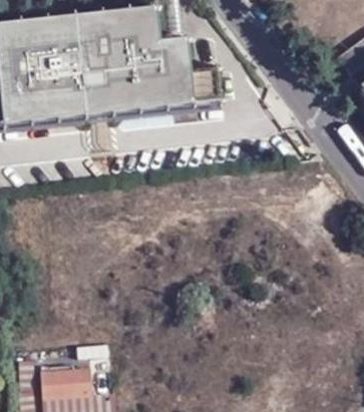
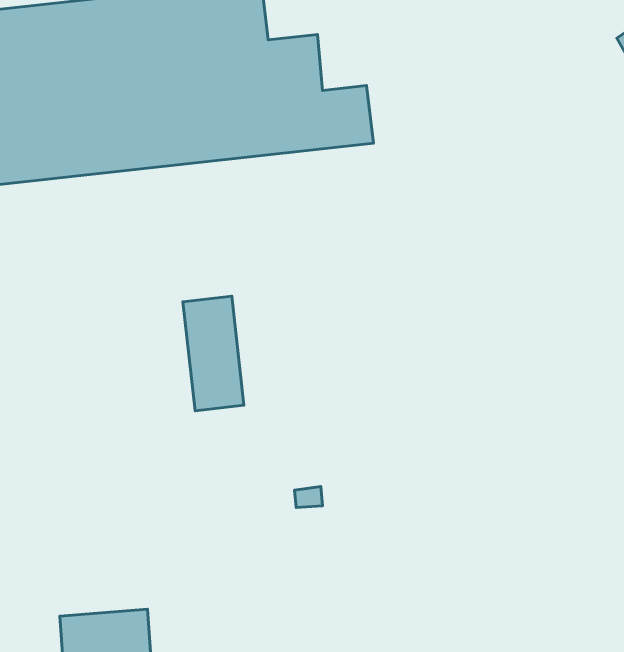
building: none -> [183,296,244,411]

